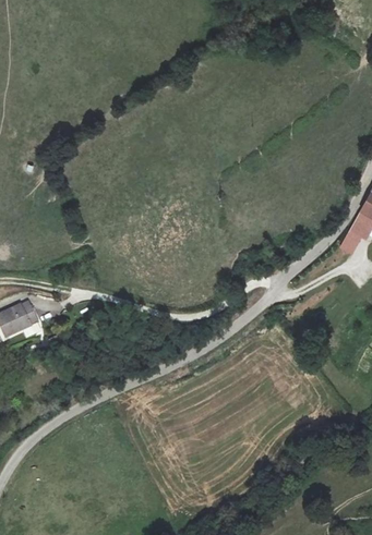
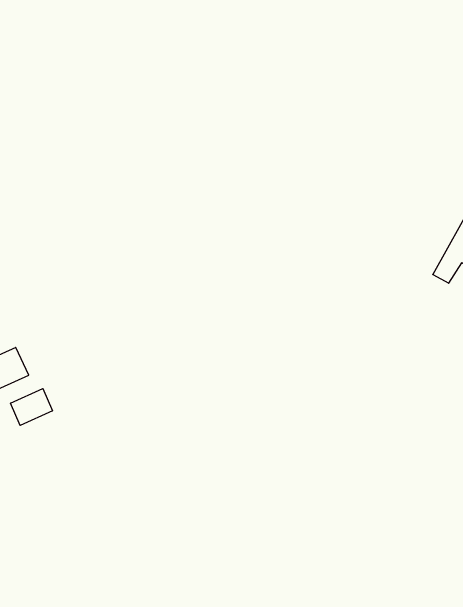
building: none -> [11,389,52,425]

